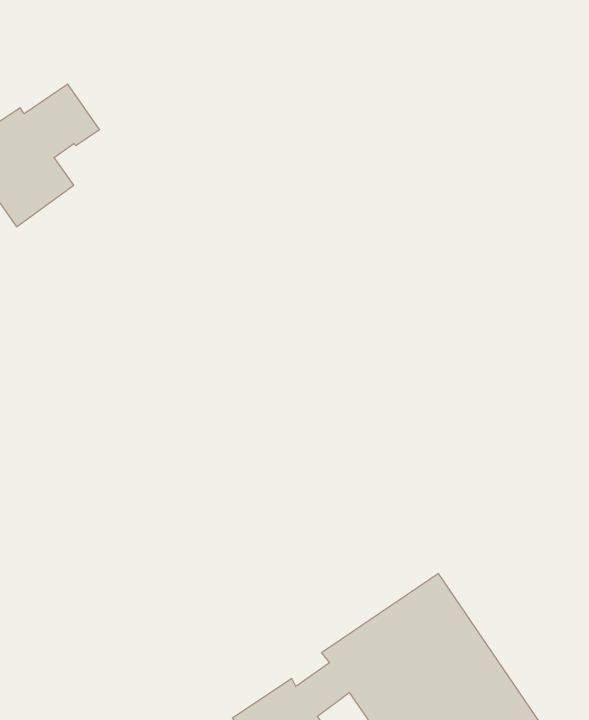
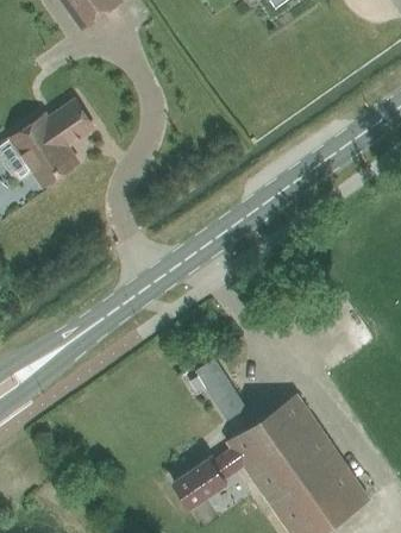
building: none -> [195,359,246,421]

